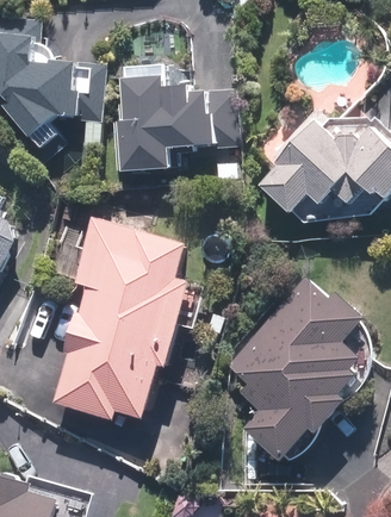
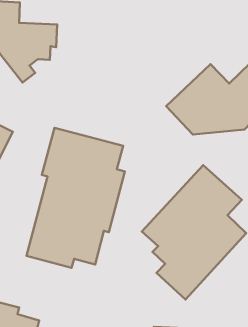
building: [107,67,212,172] -> none

